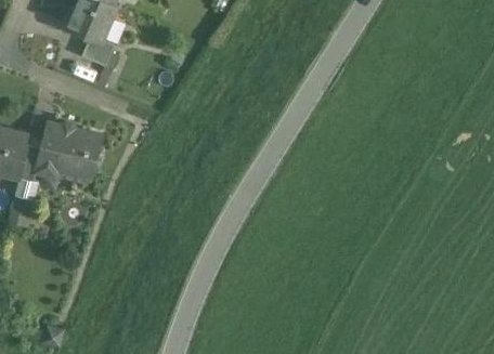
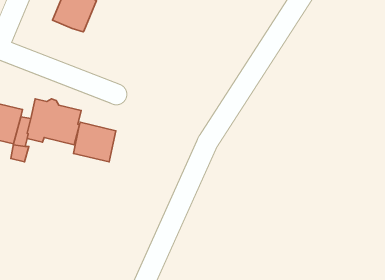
building: [83,38,116,67] -> none
building: none -> [73,122,116,162]

